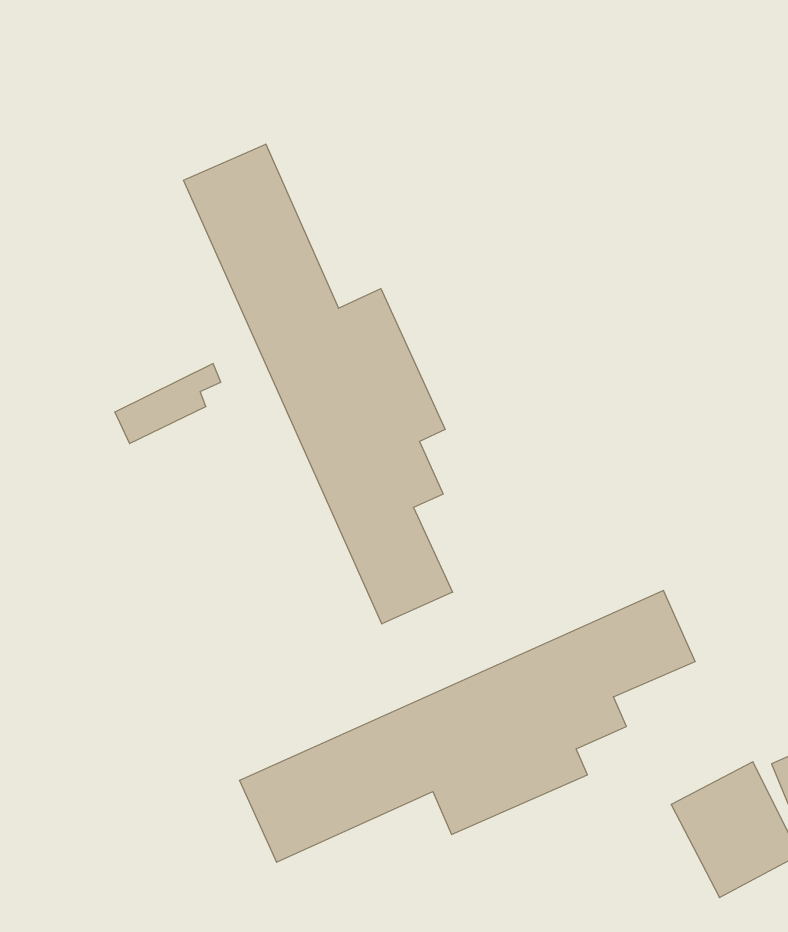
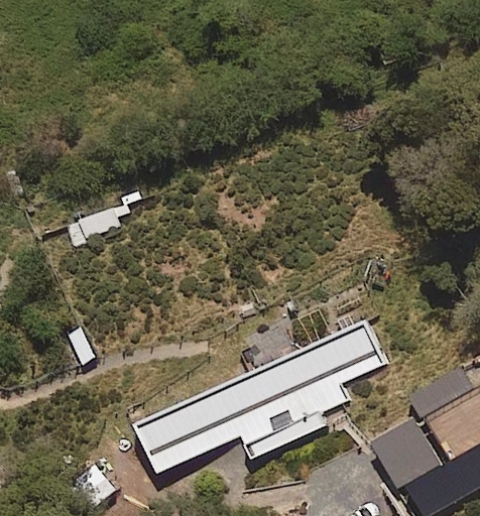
building: [183,144,453,624] -> none

